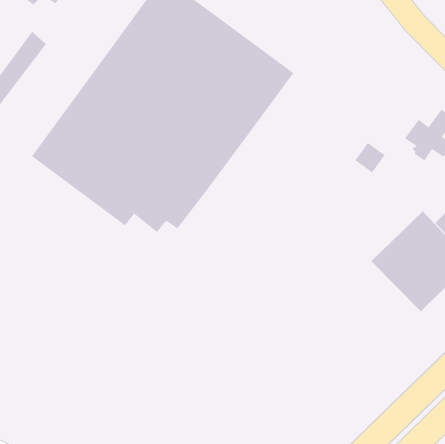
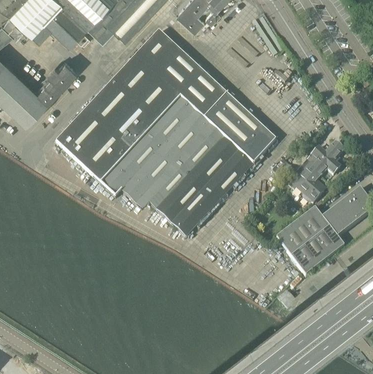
building: none -> [148,106,274,236]
building: none -> [288,158,324,202]

